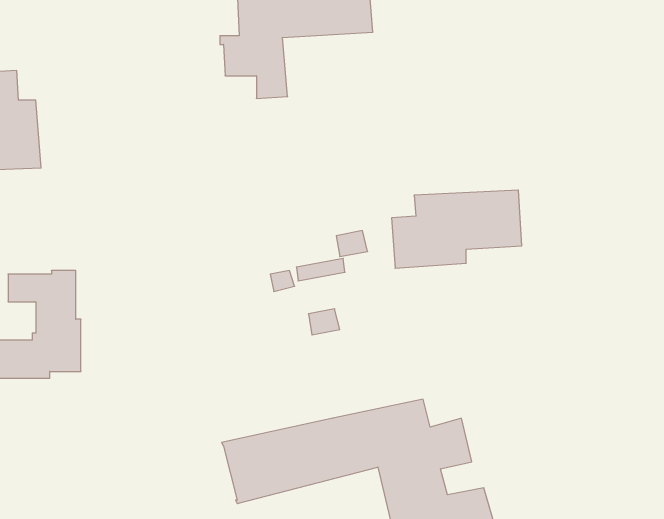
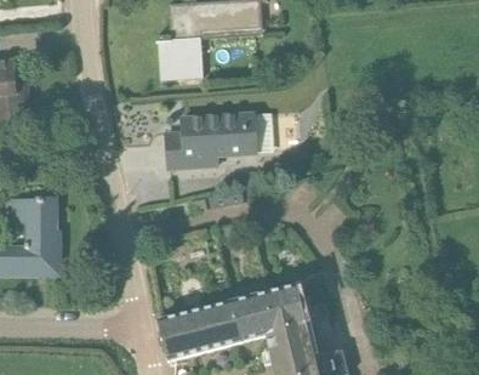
building: [392,190,522,268] -> [165,113,256,167]

